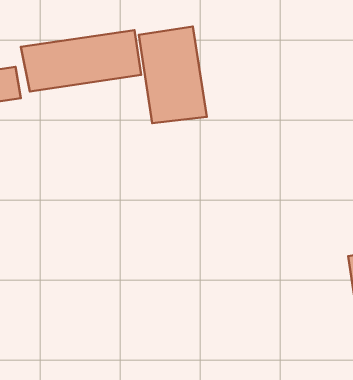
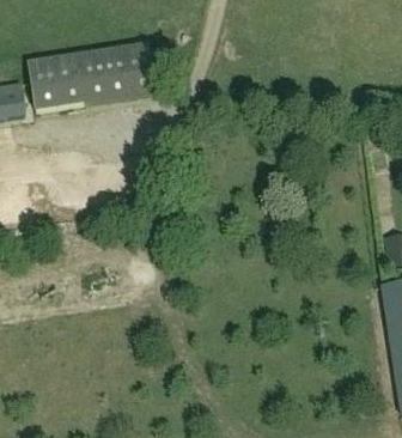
building: [139,27,207,123] -> none

